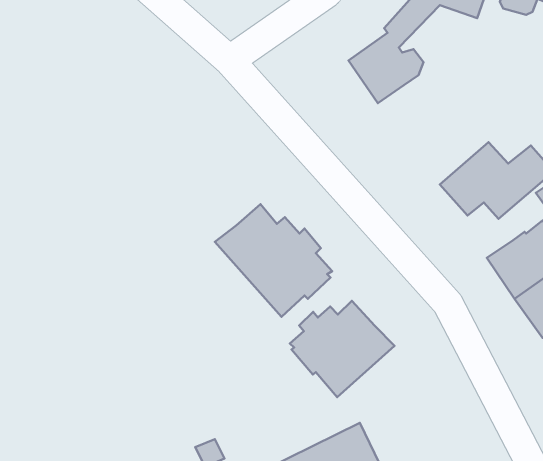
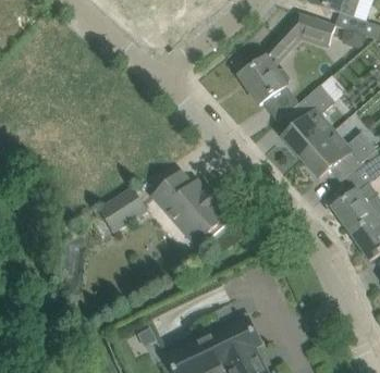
building: none -> [282,84,335,158]
building: none -> [98,186,148,232]
building: [290,301,394,397] -> none

